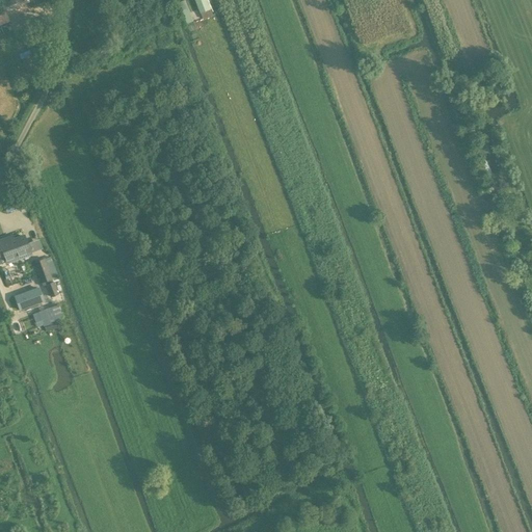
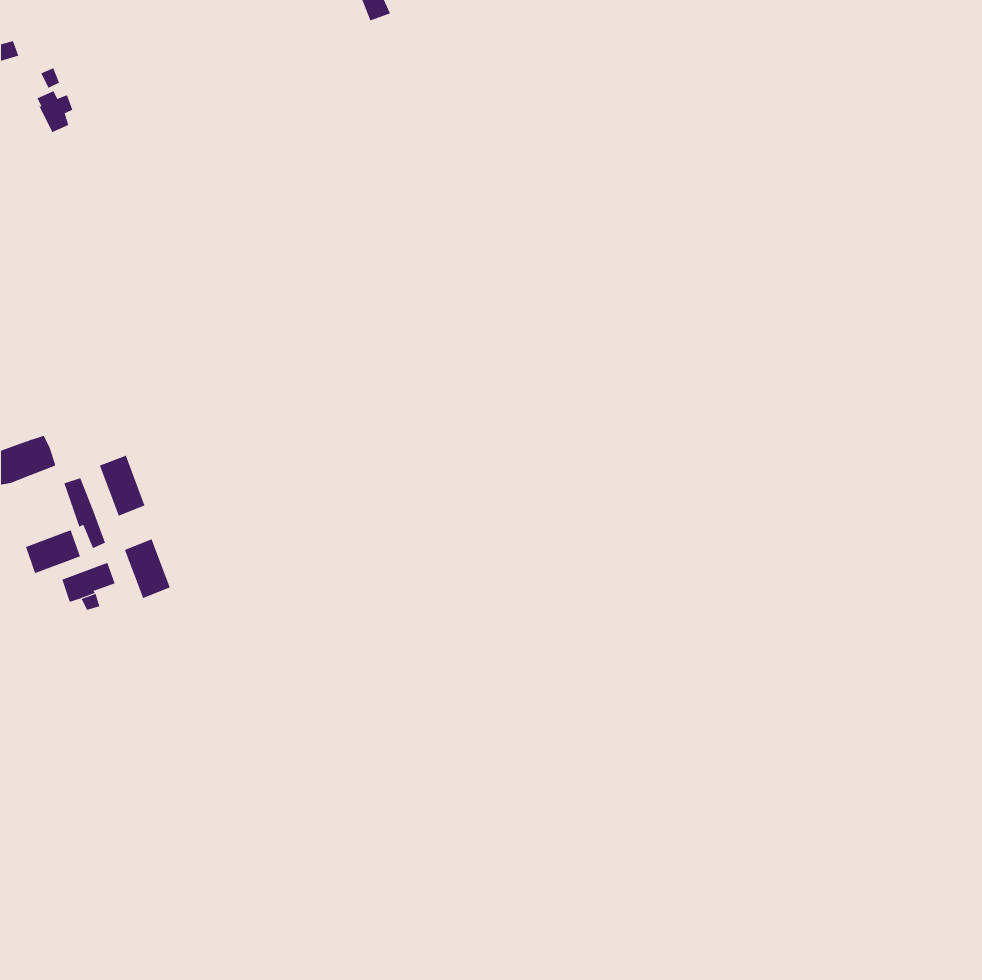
building: none -> [99,455,145,516]
building: none -> [124,539,170,599]

